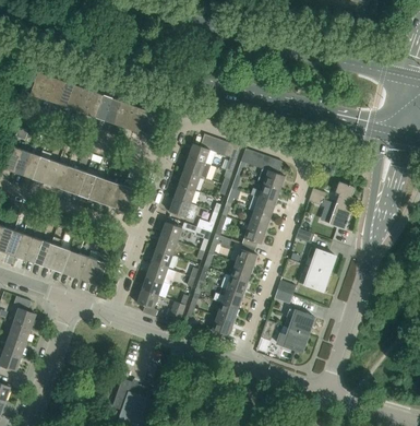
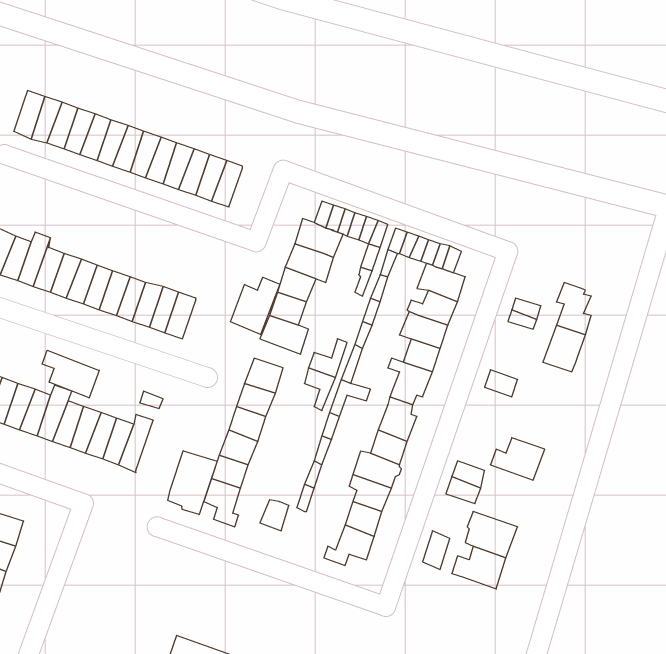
building: none -> [231,277,280,335]
building: none -> [42,350,99,398]
building: [307,247,335,273] -> none
building: none -> [168,451,217,515]

